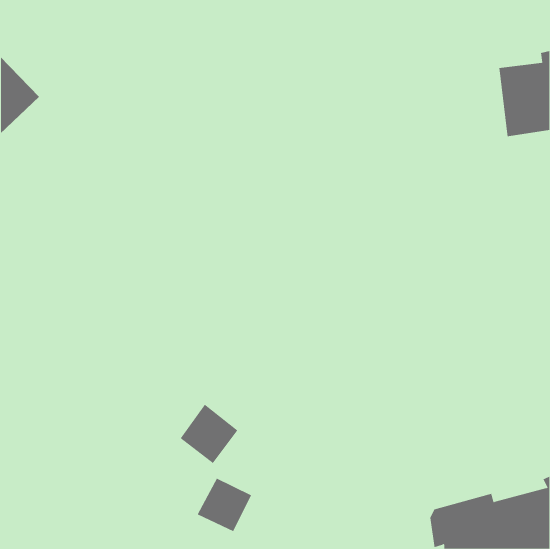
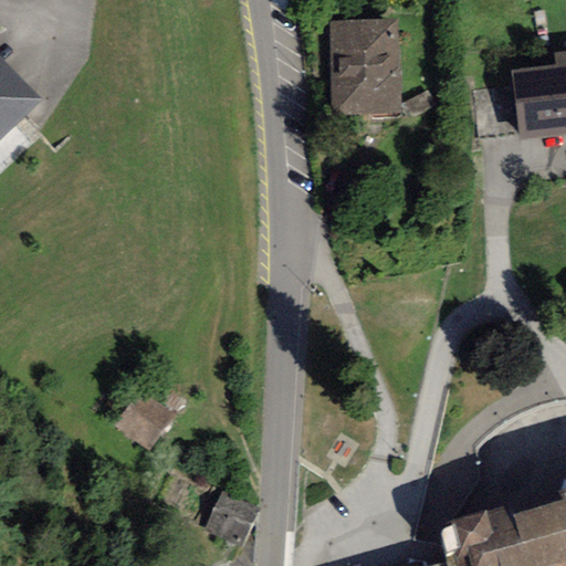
building: none -> [328,18,399,117]
building: [180,404,238,464] -> [115,388,175,450]

